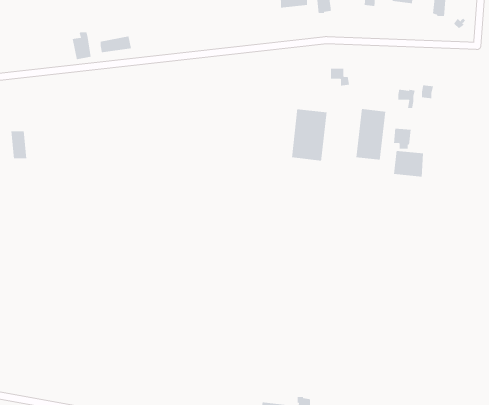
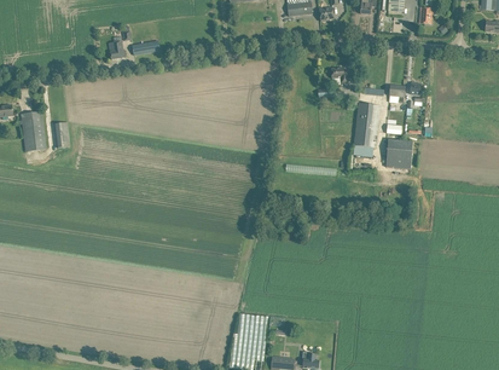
building: [291,108,327,161] -> none

